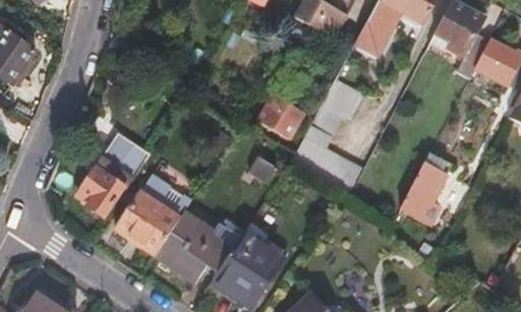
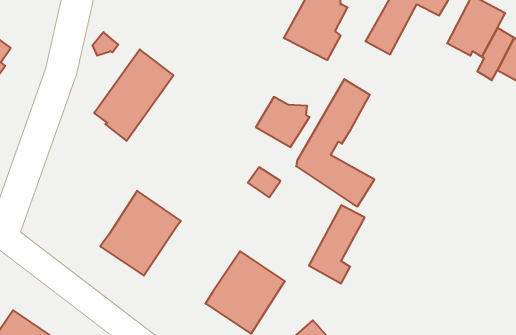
building: [76,137,149,221] -> [94,49,173,141]
building: [402,152,453,224] -> [309,205,365,283]
building: [155,211,243,283] -> none

